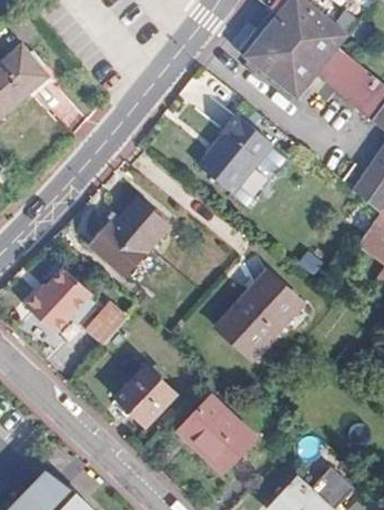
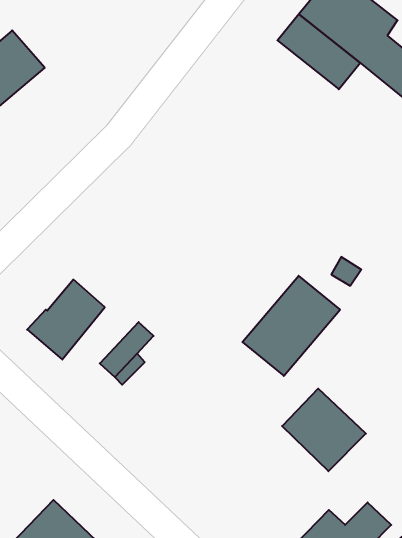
building: [205,114,275,192] -> none
building: [95,190,172,265] -> none
building: [111,359,170,418] -> none
building: [179,411,253,484] -> [282,389,366,471]

